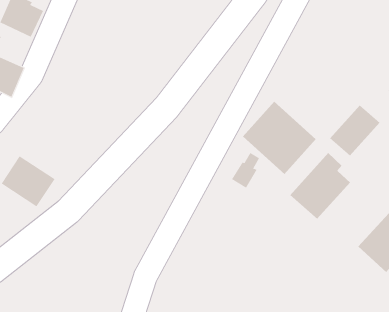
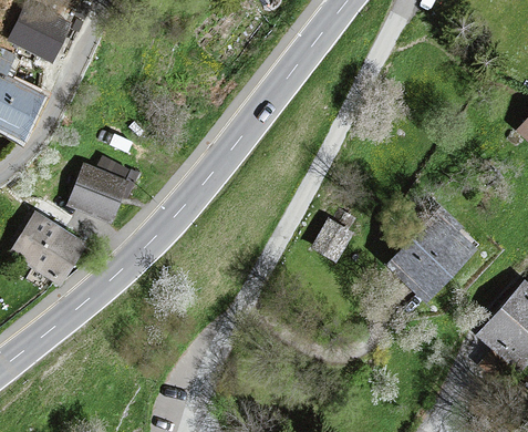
building: [242,101,317,175] -> none
building: [329,104,380,157] -> none
building: none -> [69,158,136,219]

